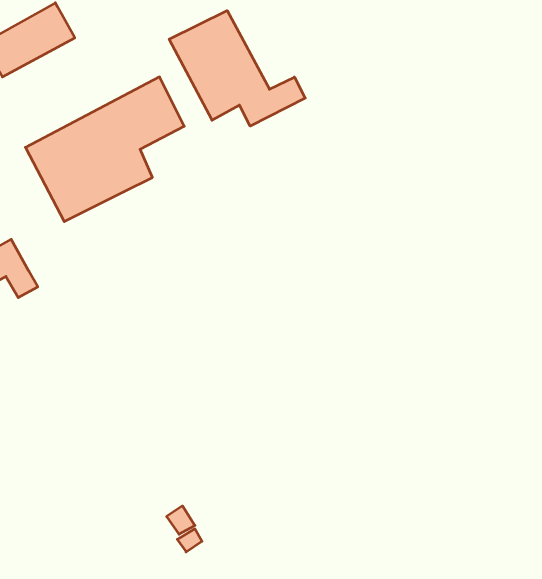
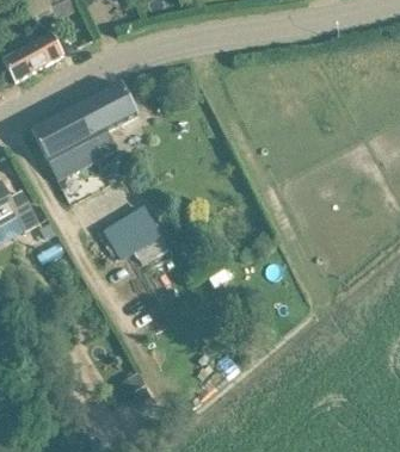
building: [169,11,305,126] -> none
building: none -> [104,208,170,264]

